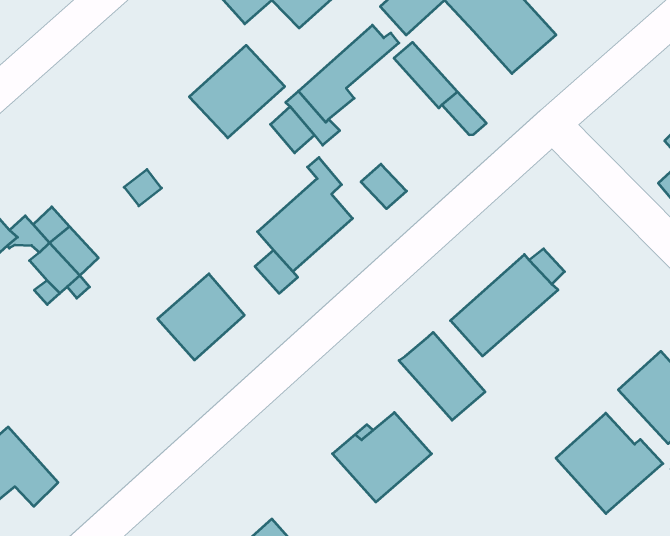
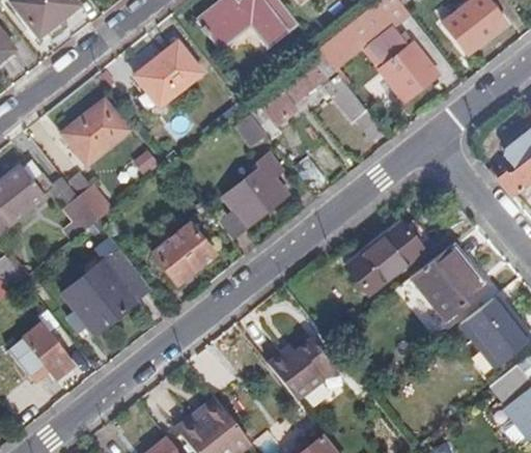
building: [189,45,285,138] -> [135,47,201,110]
building: none -> [62,103,128,167]
building: none -> [62,249,150,335]
building: [399,332,485,420] -> none
building: [556,413,663,514] -> [413,247,486,316]

